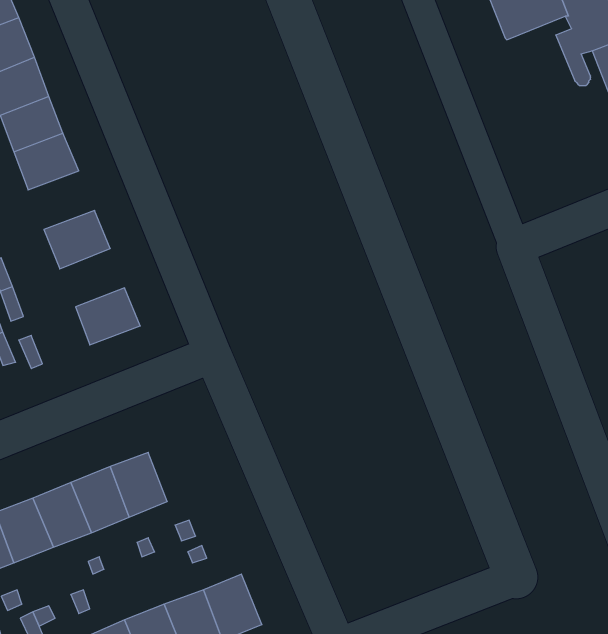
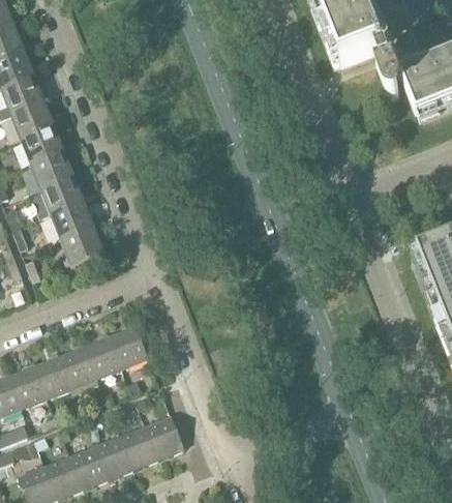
building: none -> [31,152,74,190]
building: none -> [52,203,94,241]
building: none -> [110,326,148,368]

